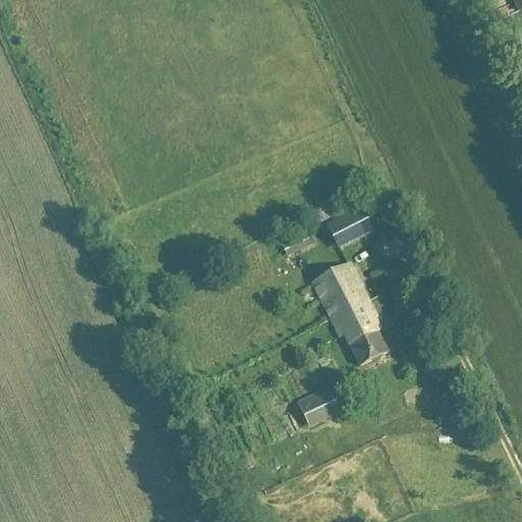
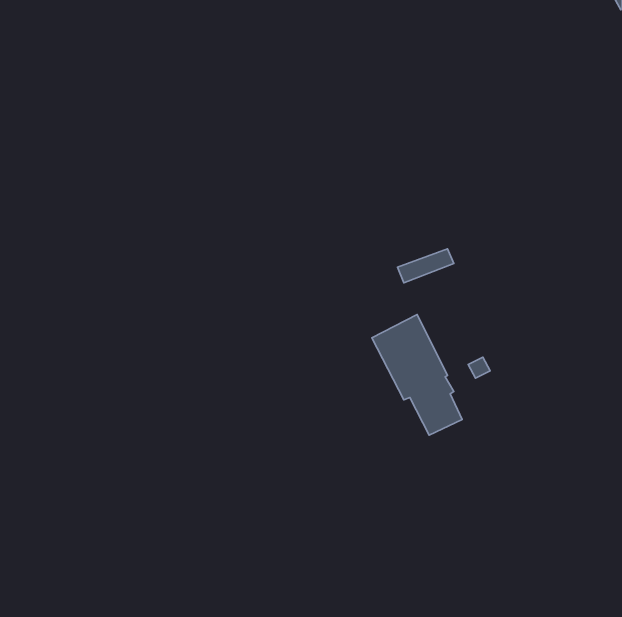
building: [297,383,345,422] -> none

